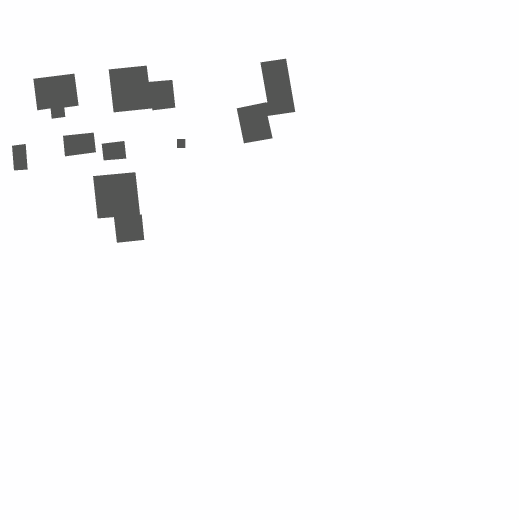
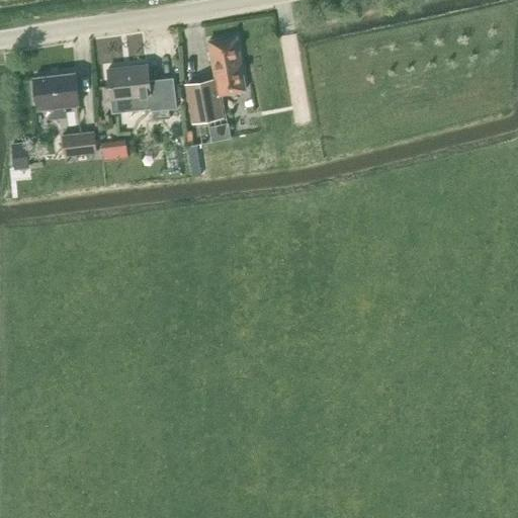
building: [236,58,296,144] -> [185,37,245,122]
building: [92,171,145,243] -> none

